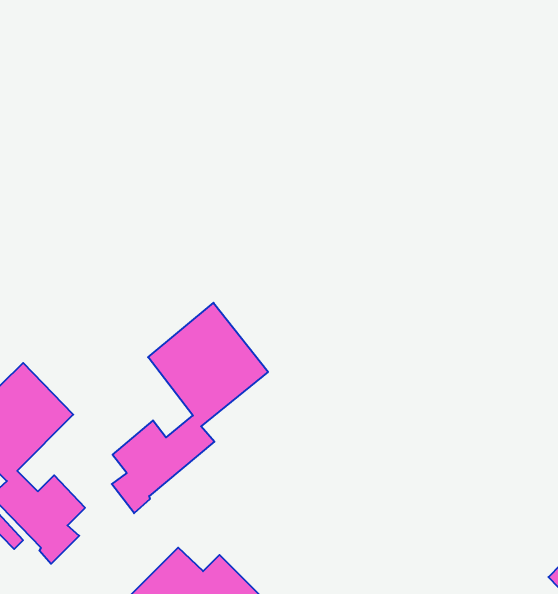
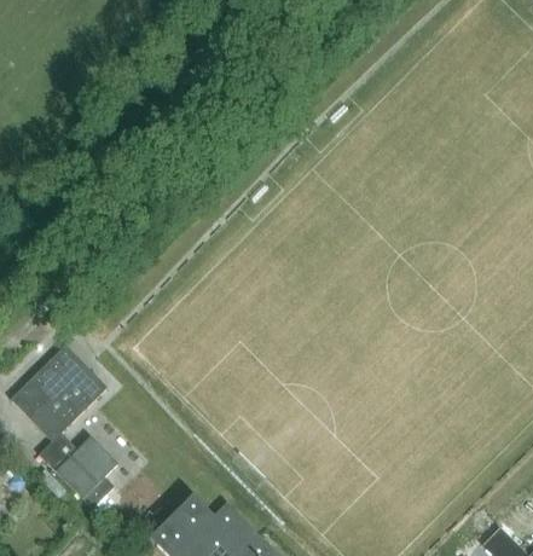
building: [112,303,268,513] -> none

